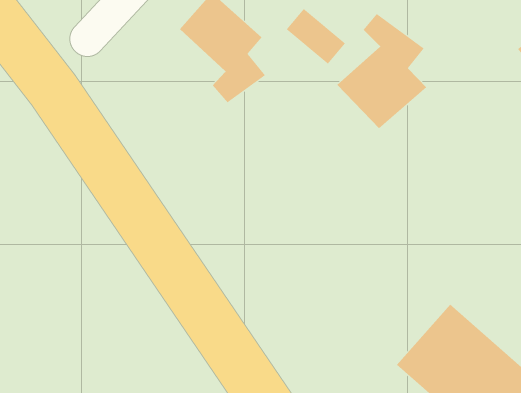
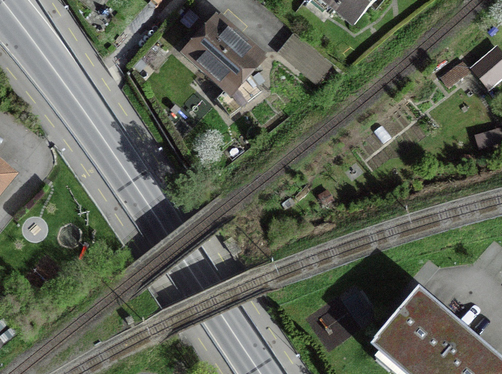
building: [336,13,427,129] -> none

